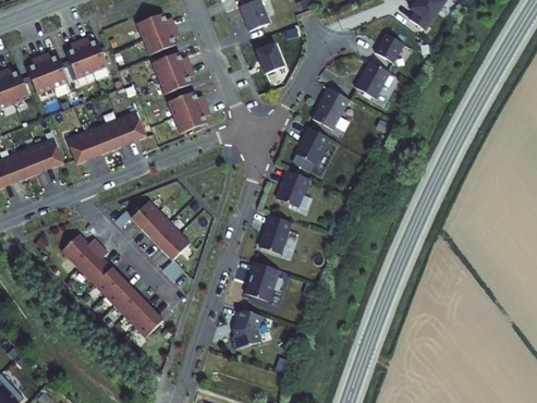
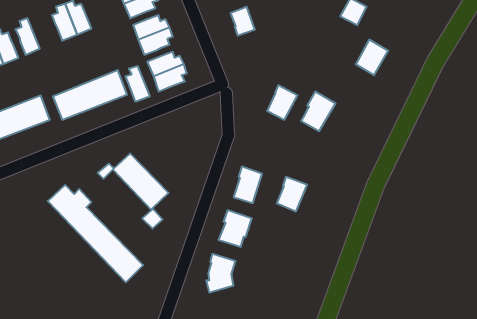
building: [39,52,69,88] -> none
building: [355,61,390,99] -> [356,40,388,75]
building: [313,87,350,130] -> [301,91,336,131]
building: none -> [125,66,150,102]
building: [276,170,308,207] -> [277,177,307,211]

